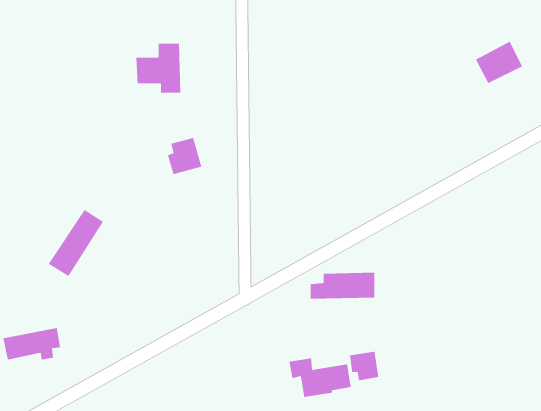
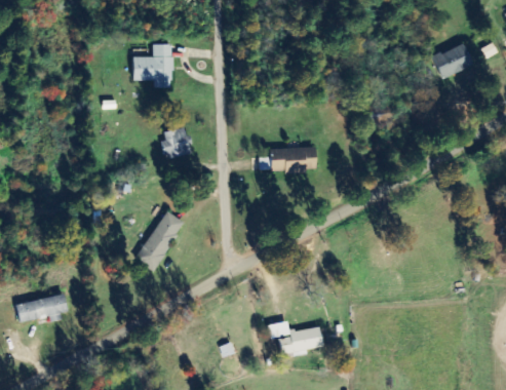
building: [48,209,104,277] -> [134,210,184,270]
building: [310,272,375,299] -> [259,147,316,170]
building: [349,351,379,381] -> none

